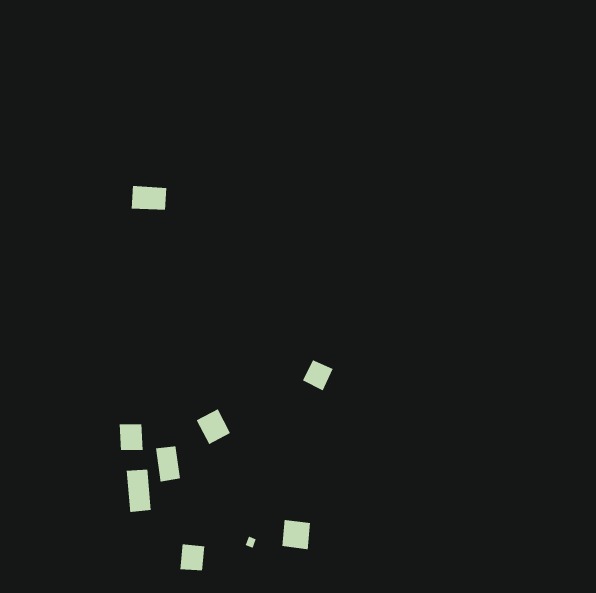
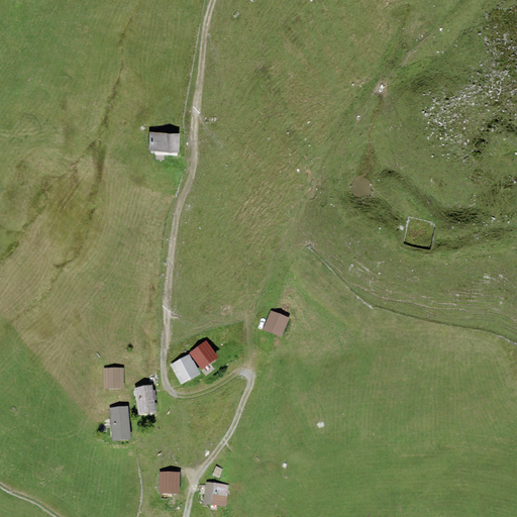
building: [131,186,167,210] -> [148,128,180,149]
building: none -> [189,340,218,371]
building: [282,519,311,550] -> [203,480,228,506]

